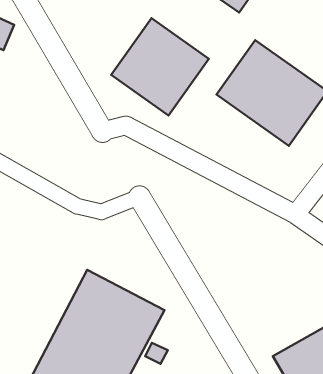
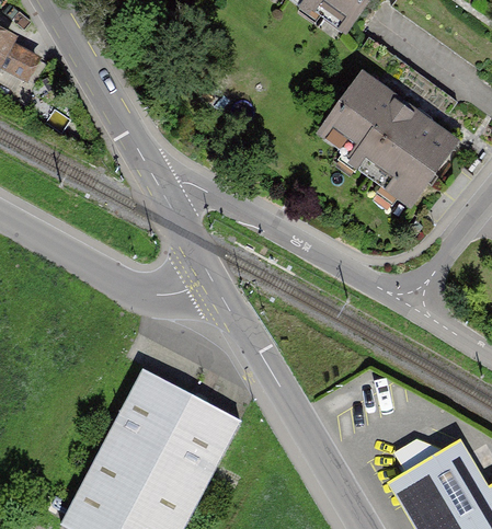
building: [111,18,209,116] -> none

